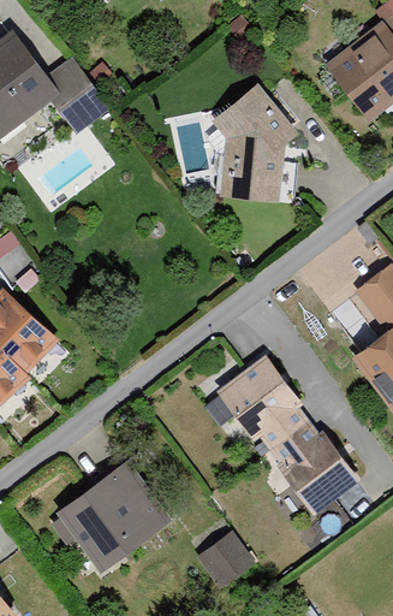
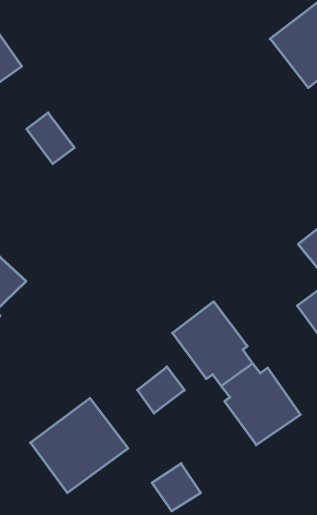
building: [47,65,100,122] -> [27,113,74,164]
building: [216,85,300,205] -> none
building: none -> [137,367,184,413]

